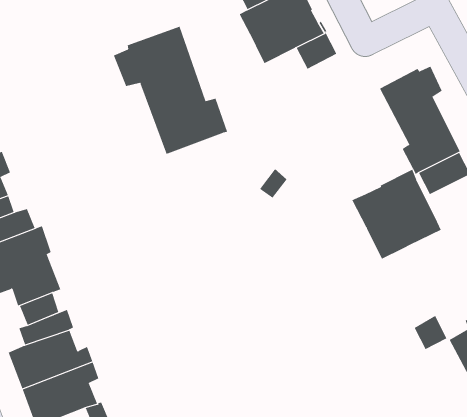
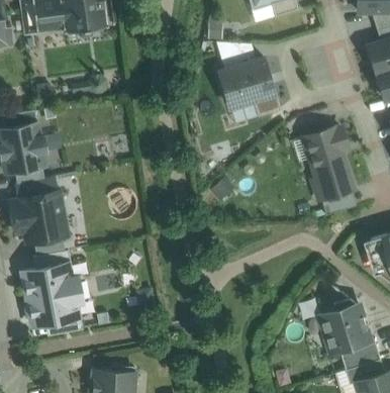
building: [113,26,228,155] -> none
building: [351,169,442,260] -> none

